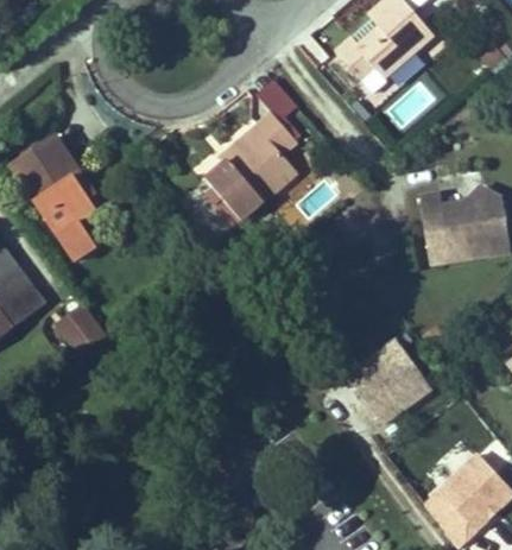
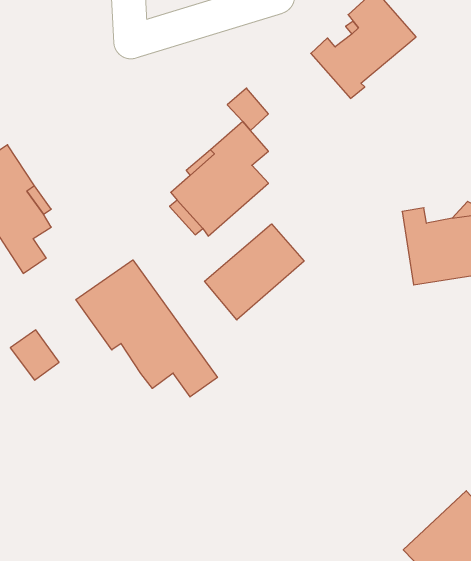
building: none -> [205,224,304,320]
building: none -> [76,260,217,397]
building: [346,336,432,423] -> none

